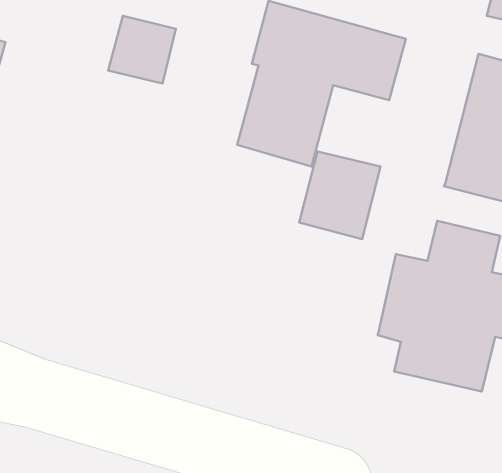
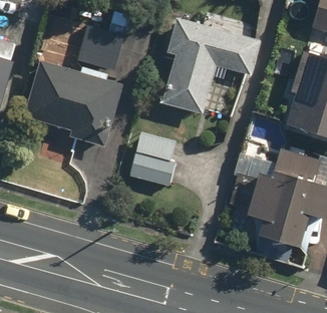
building: none -> [22,62,126,147]
building: [299,151,380,239] -> [131,131,181,185]

